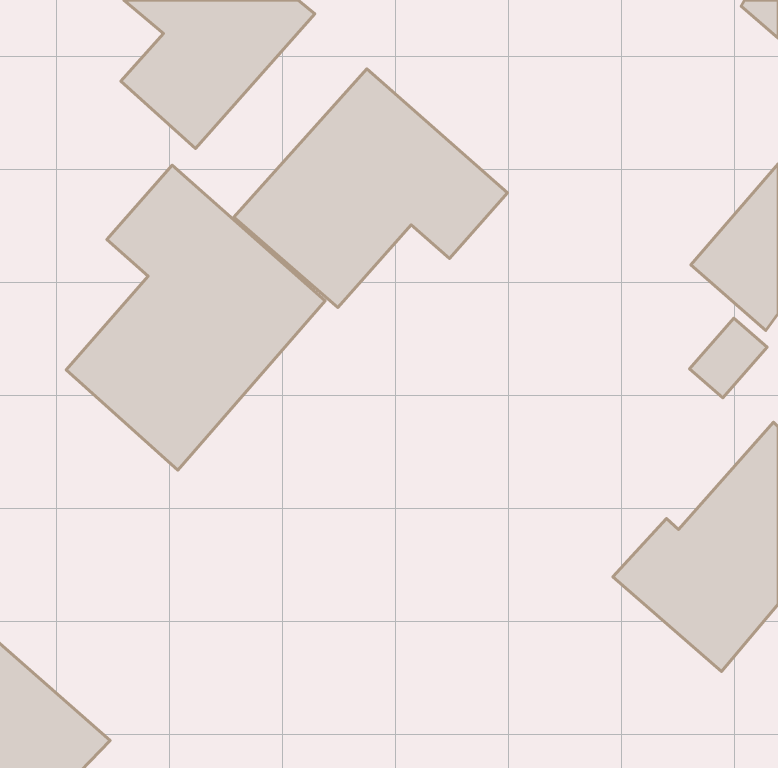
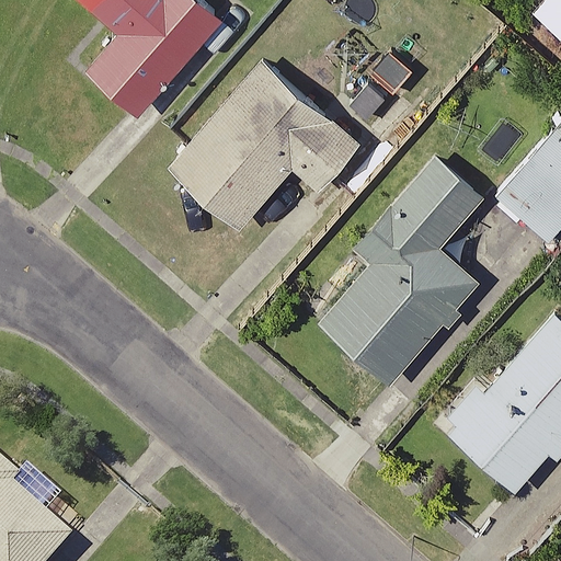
building: [66,165,325,470] -> none
building: none -> [320,154,485,382]

